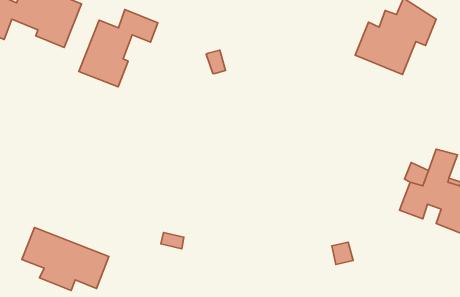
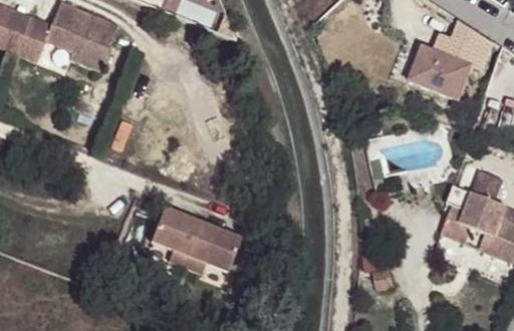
building: [79,10,158,87] -> none
building: [22,228,109,291] -> [143,198,233,263]

